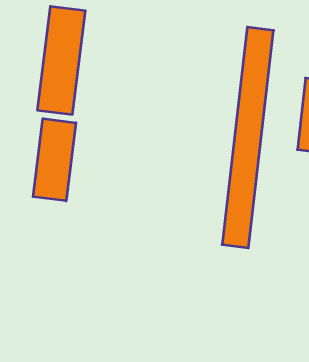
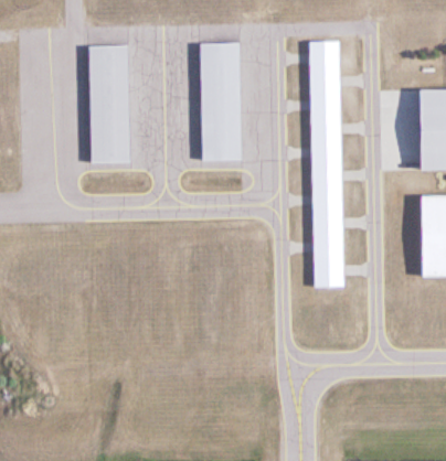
building: none -> [200,43,242,160]
building: [33,119,76,201] -> none

